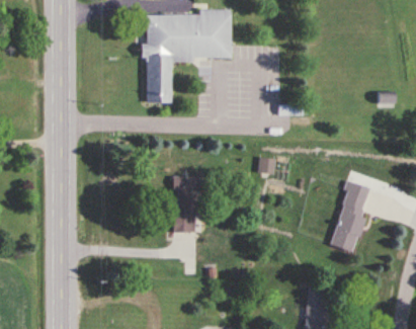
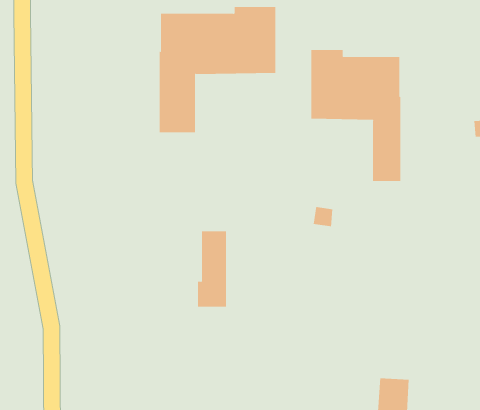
building: none -> [311,49,401,182]
building: [330,180,370,252] -> none

